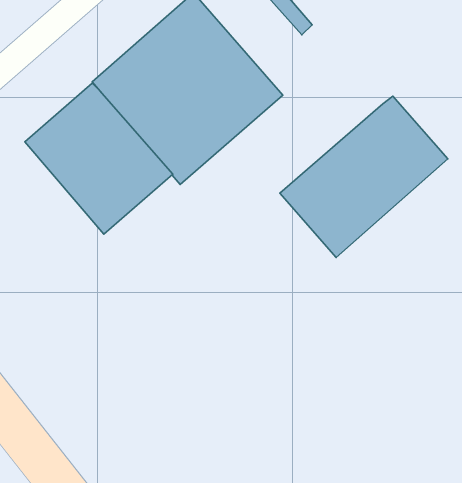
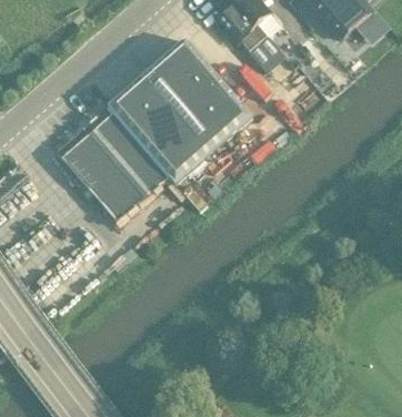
building: [280,96,448,257] -> none

